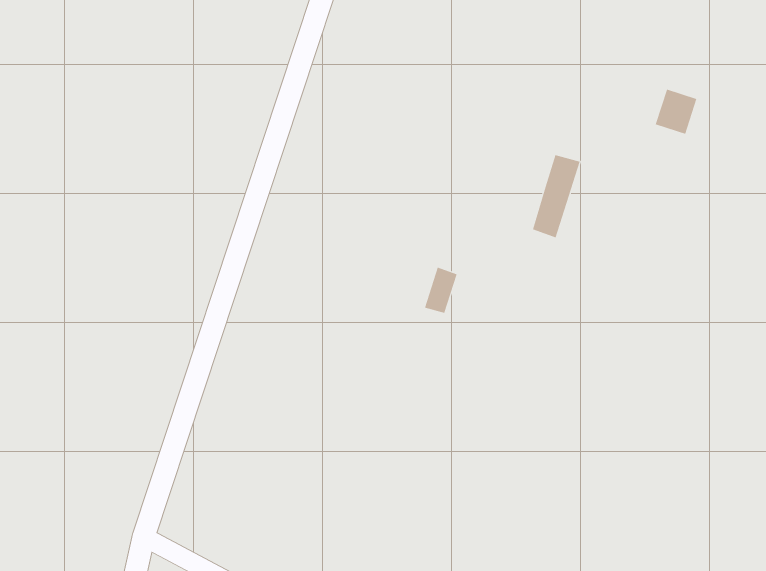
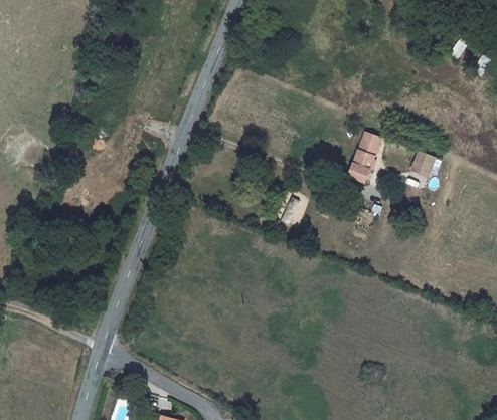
building: [655,89,697,135] -> [411,147,438,175]

